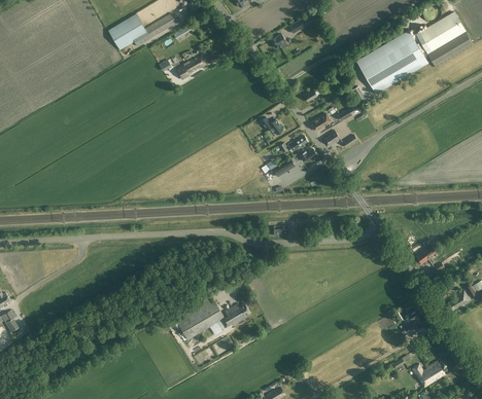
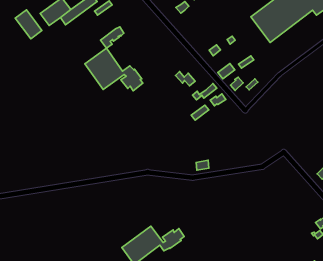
building: none -> [15,10,42,39]
building: none -> [85,48,143,91]

